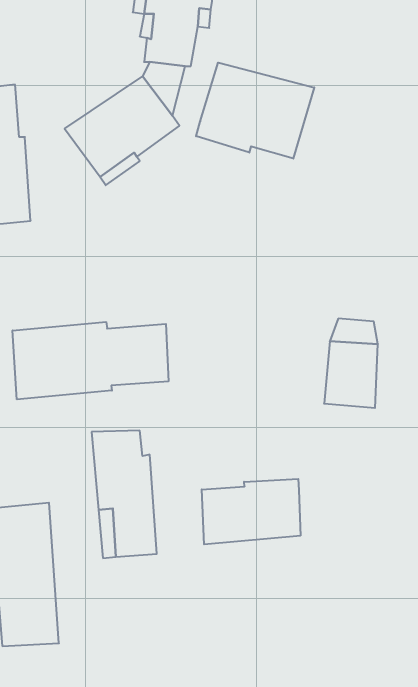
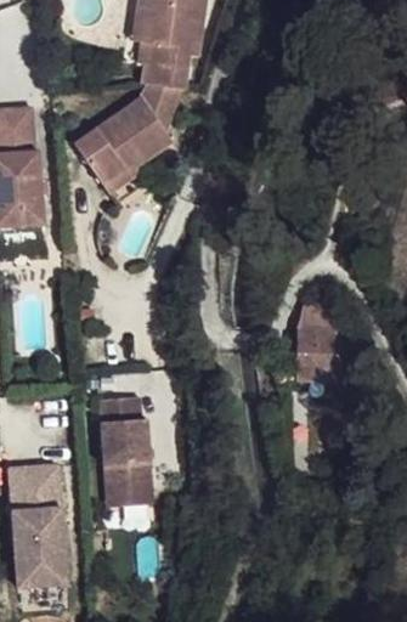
building: [196,63,314,159] -> none
building: [13,322,168,399] -> none
building: [202,479,300,544] -> none

